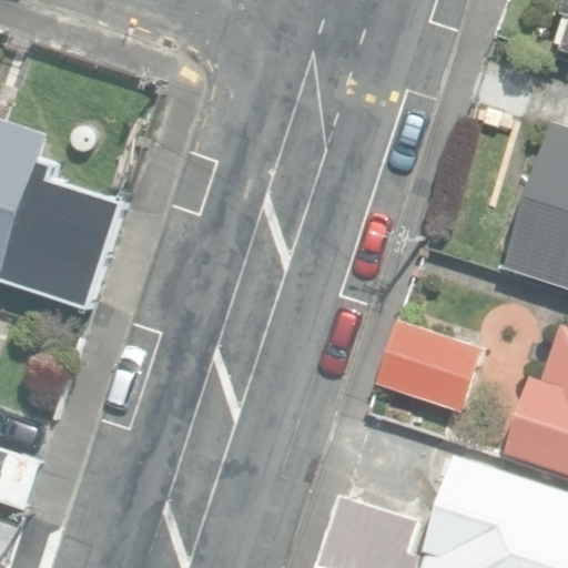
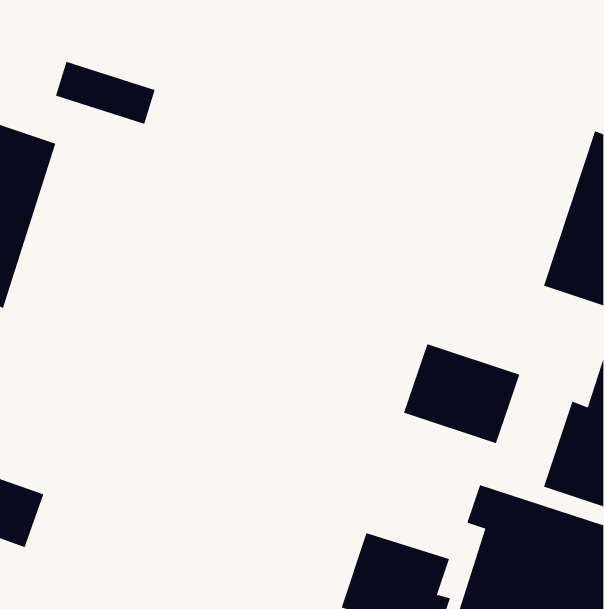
building: [8,163,126,310] -> none

